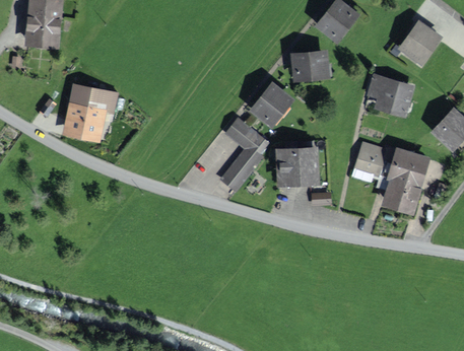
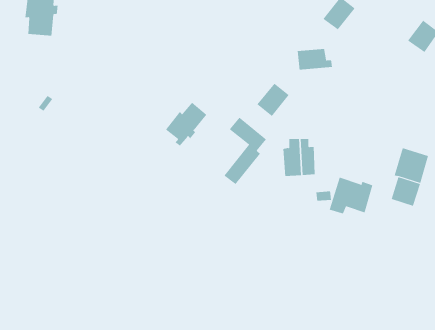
building: [369,78,410,113] -> none
building: [68,87,116,136] -> none
building: none -> [165,102,207,146]
building: [354,144,398,181] -> [329,177,373,214]

